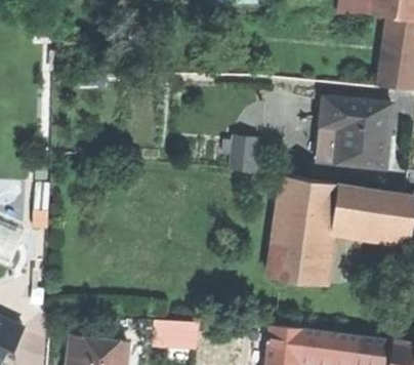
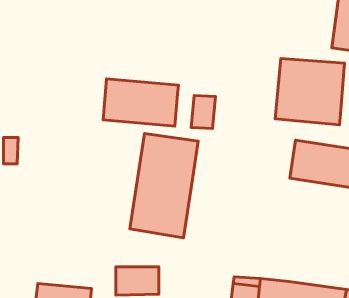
building: none -> [103,79,178,126]
building: [268,177,340,287] -> [130,133,198,238]

